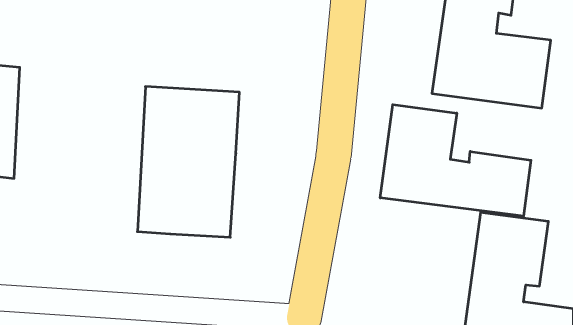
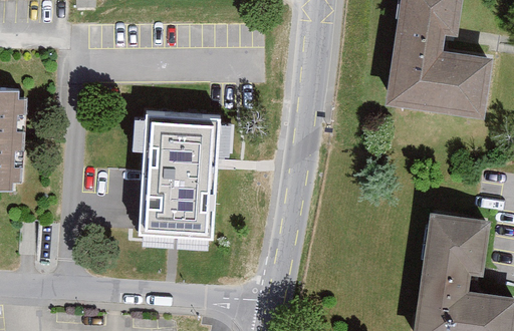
building: [380,105,531,216] -> none

